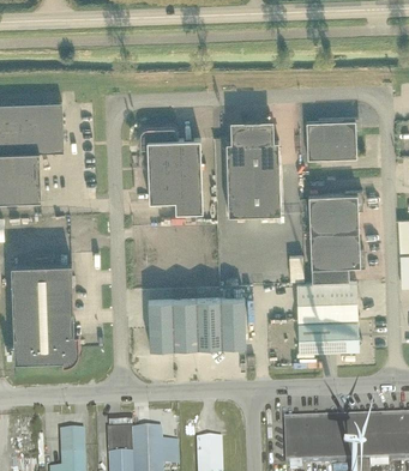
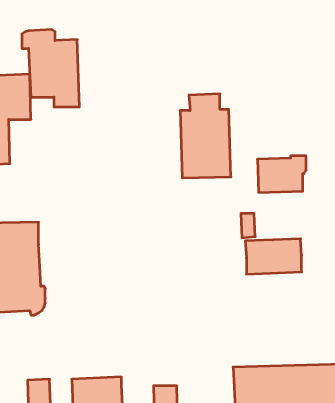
building: [306,121,356,159] -> none
building: [140,128,203,212] -> [22,30,79,107]
building: [311,230,365,282] -> none
building: [149,297,246,349] -> none
building: [297,321,362,354] -> none

